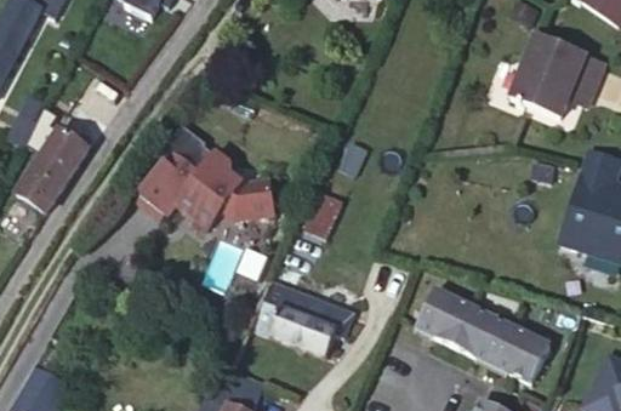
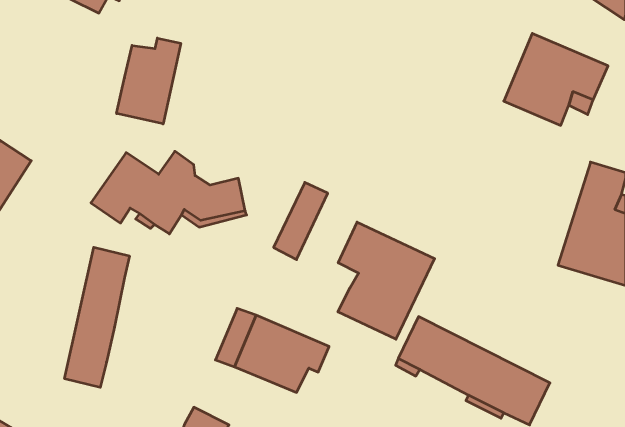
building: none -> [117,38,181,124]
building: none -> [338,222,435,339]
building: none -> [65,247,129,387]

